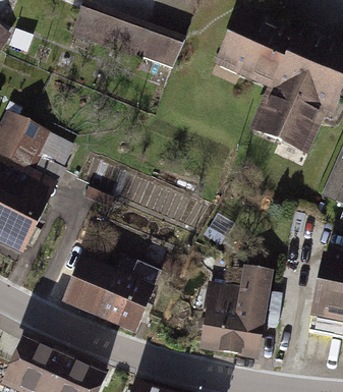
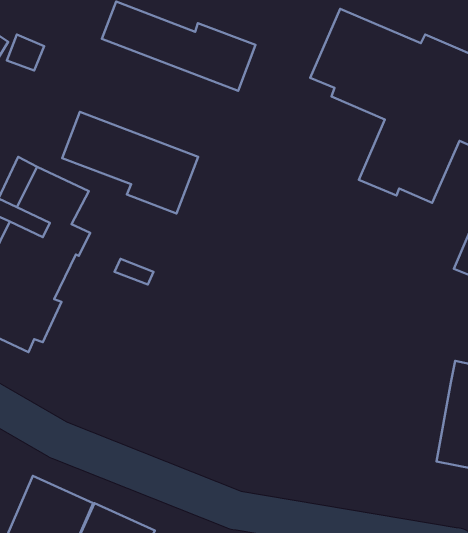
building: none -> [62,112,198,214]
building: [64,259,159,328] -> none
building: [202,267,270,356] -> none

